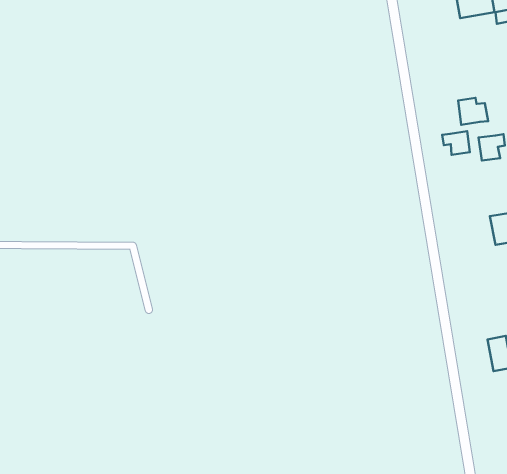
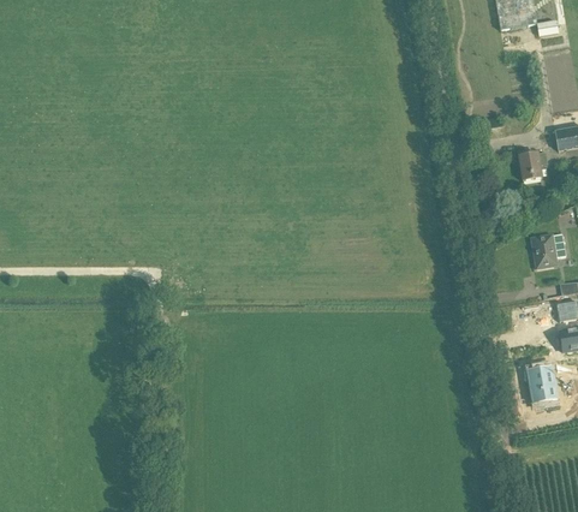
building: [458,98,488,125] -> none
building: [442,131,470,155] -> none

